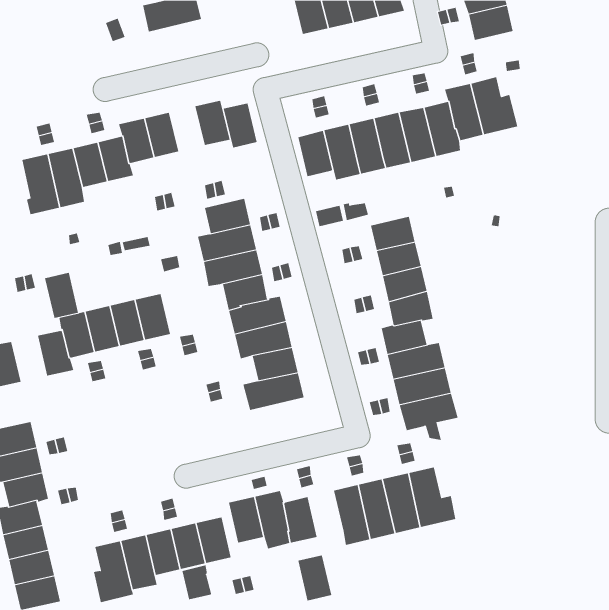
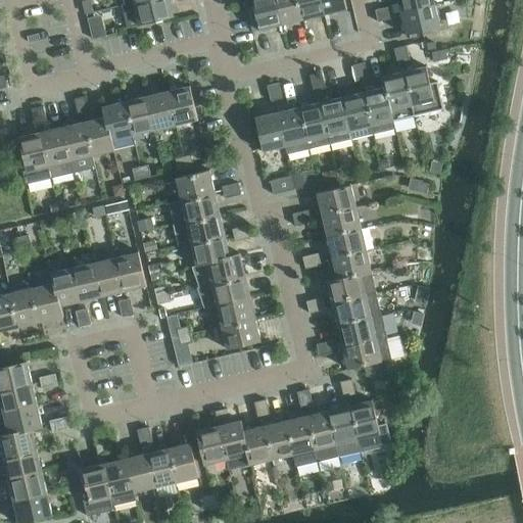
building: [223,103,258,148] -> [145,91,175,130]
building: [44,272,79,319] -> [10,287,40,327]
building: [297,555,332,601] -> [264,420,293,460]
building: [182,564,212,600] -> none

